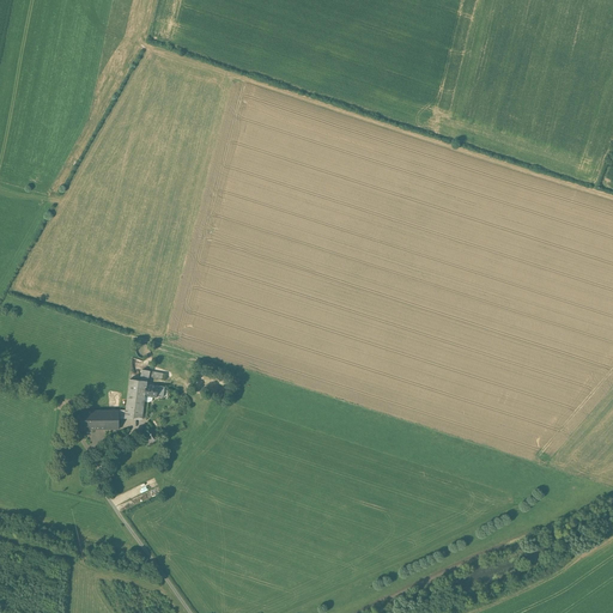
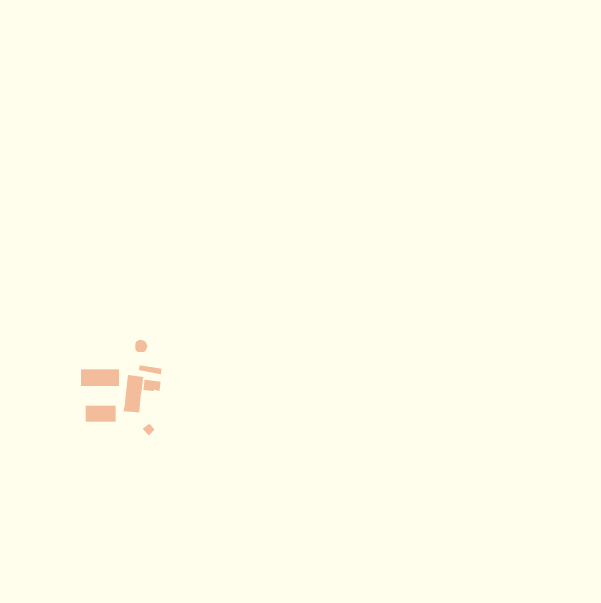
building: none -> [80,369,120,387]

